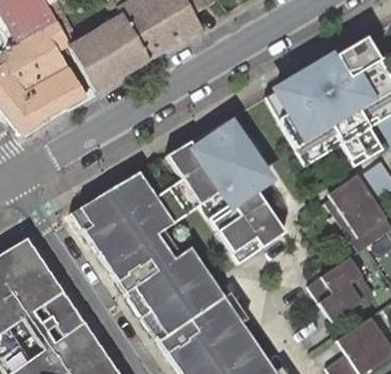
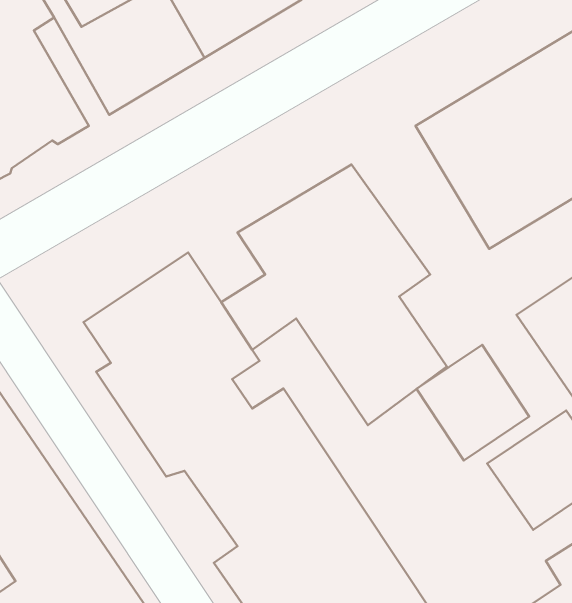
building: none -> [417,345,529,461]

